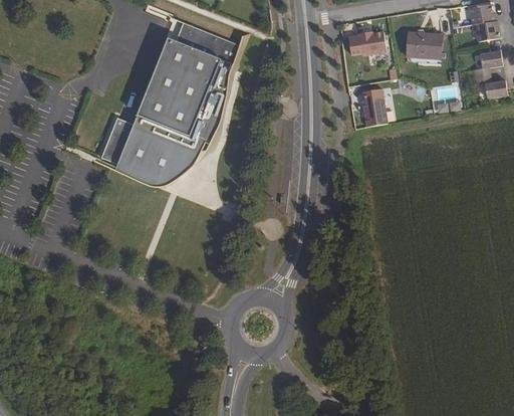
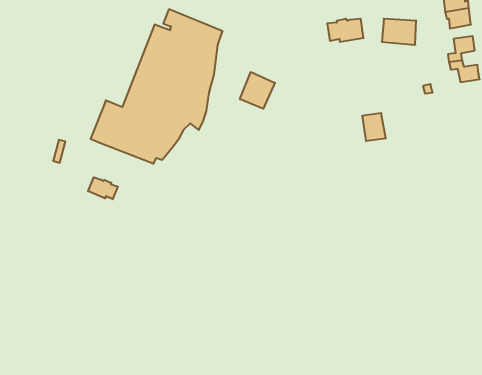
building: none -> [240,72,275,109]
building: [359,98,384,128] -> [362,113,386,141]
building: none -> [88,177,118,199]

